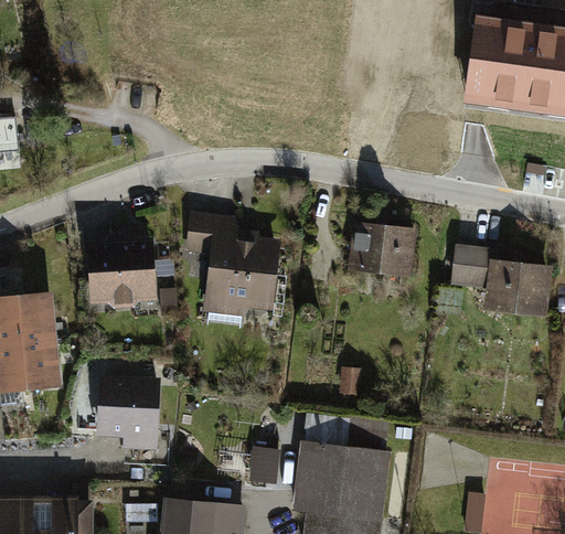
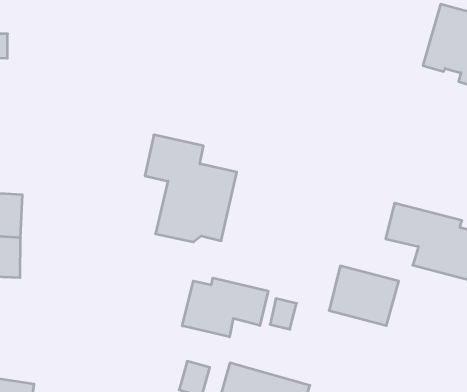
building: [349,223,419,280] -> [329,266,399,326]
building: [84,244,154,307] -> none
building: none -> [182,278,268,337]
building: [95,375,161,449] -> none

